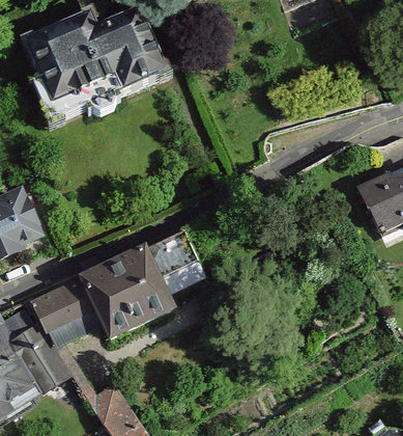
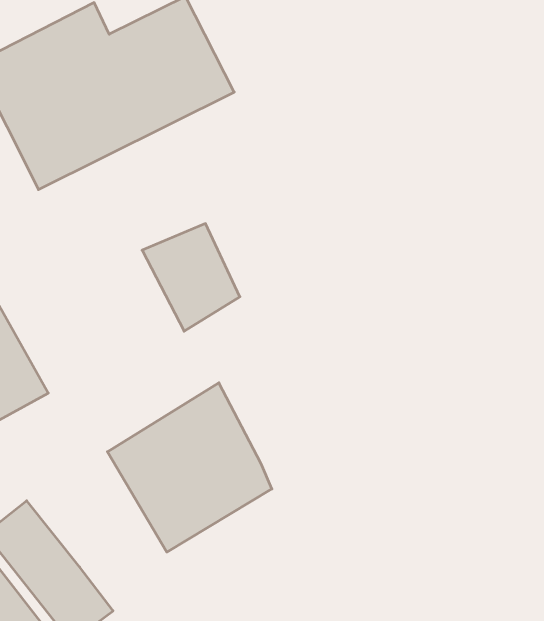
building: [148,230,204,294] -> [142,224,240,331]
building: [27,278,99,346] -> none

